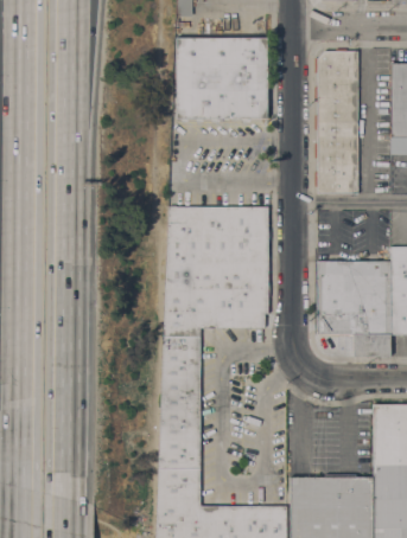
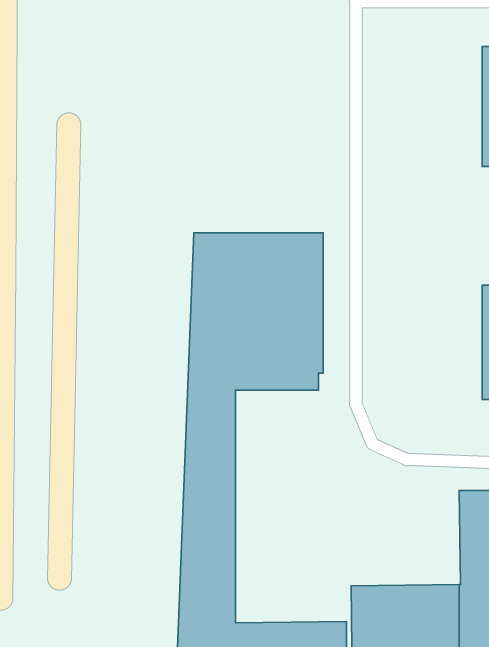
building: [176,37,268,119] -> none
building: [317,51,358,193] -> none
building: [317,261,390,356] -> none

